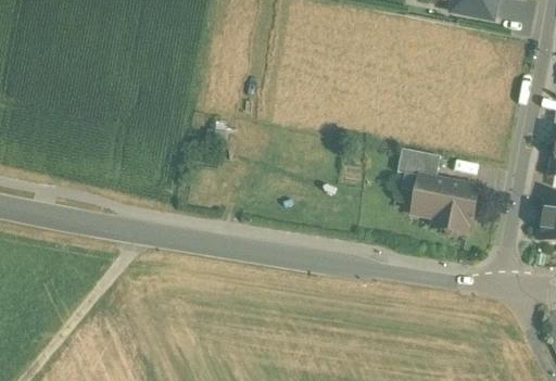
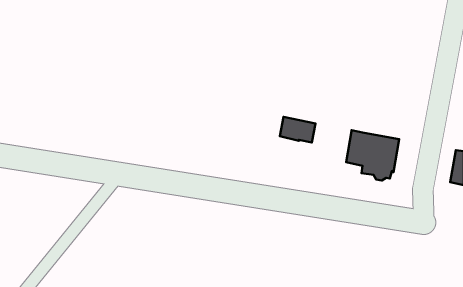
building: [397,148,440,178] -> [280,117,315,143]

